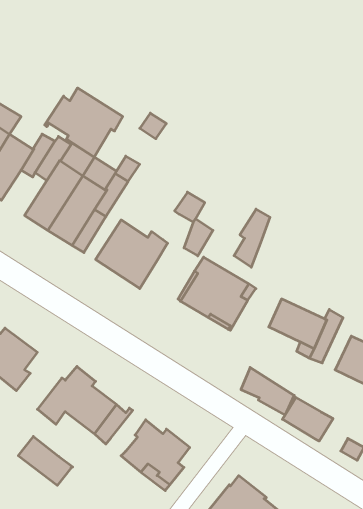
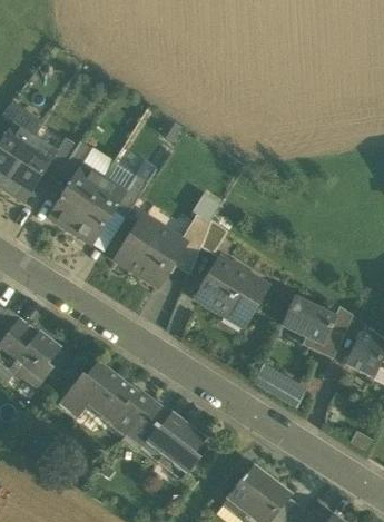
building: [45,88,123,157] -> none
building: [234,209,270,267] -> [175,214,209,269]
building: [282,397,333,441] -> none
building: none -> [130,402,164,441]
building: [18,436,73,485] -> none

